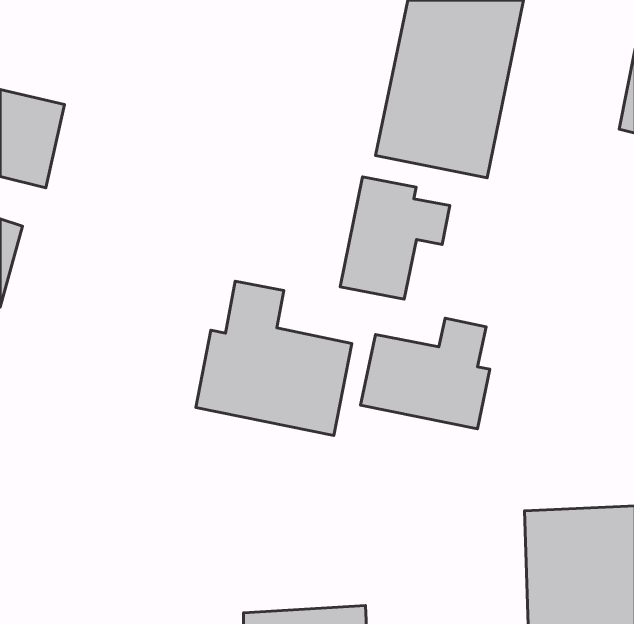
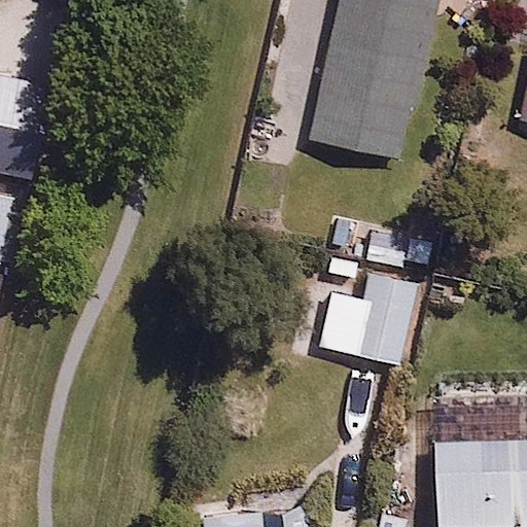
building: [340,177,450,299] -> none
building: [196,281,352,435] -> none

